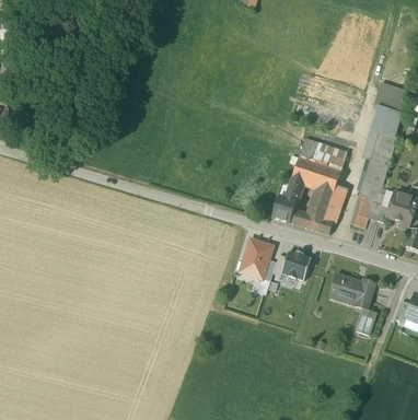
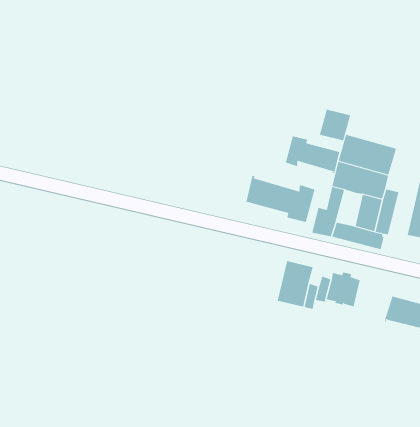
building: none -> [319,109,351,141]
building: none -> [285,135,340,174]
building: none -> [246,175,315,223]

